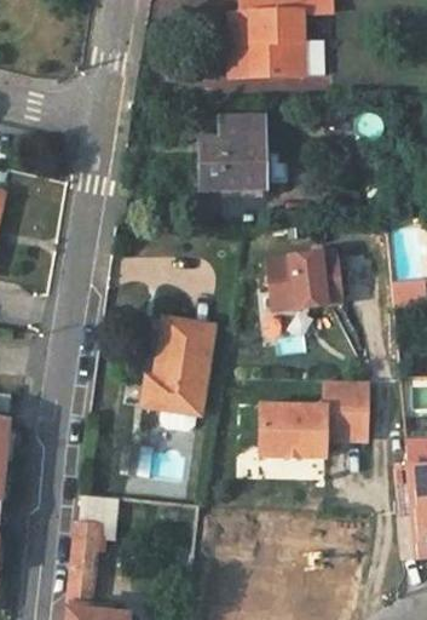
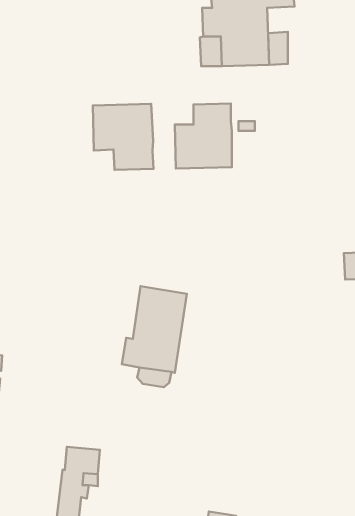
building: none -> [93,104,153,170]
building: [267,251,342,309] -> none
building: [260,379,368,457] -> none

